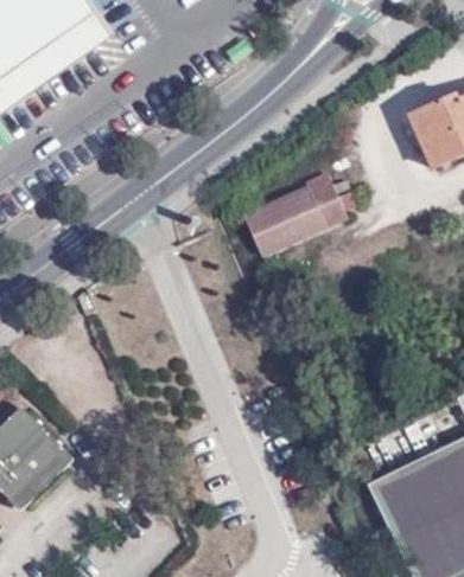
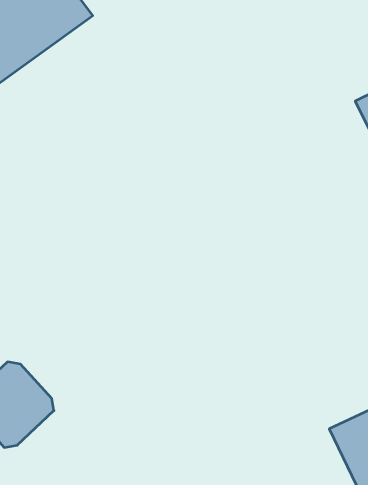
building: [240,179,344,262] -> none

